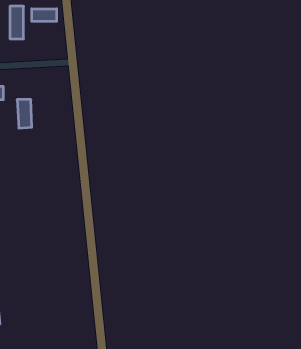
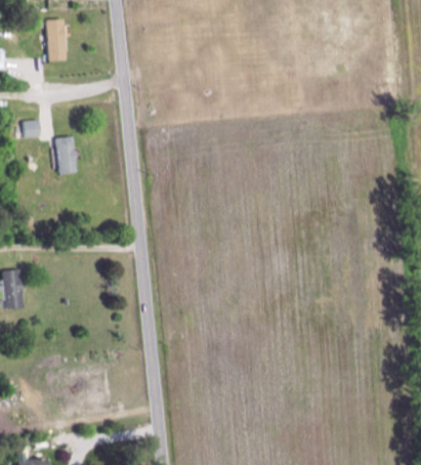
building: [32,9,57,21] -> none

